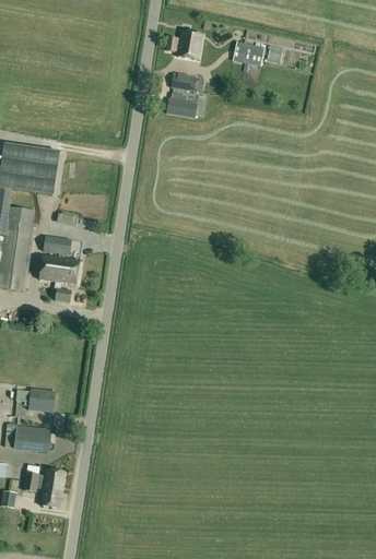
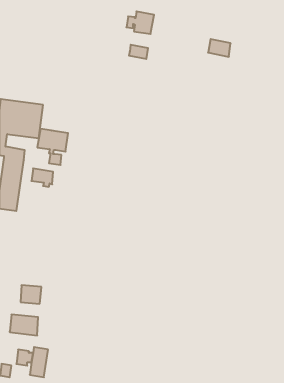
building: [232,41,261,64] -> [208,39,231,57]
building: [165,93,197,117] -> none
building: [38,254,79,301] -> [37,129,68,165]

